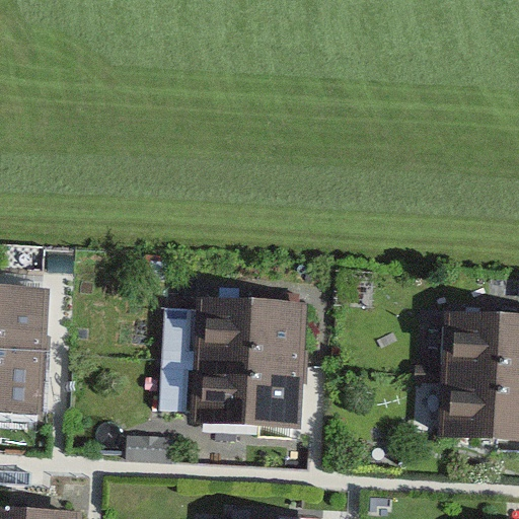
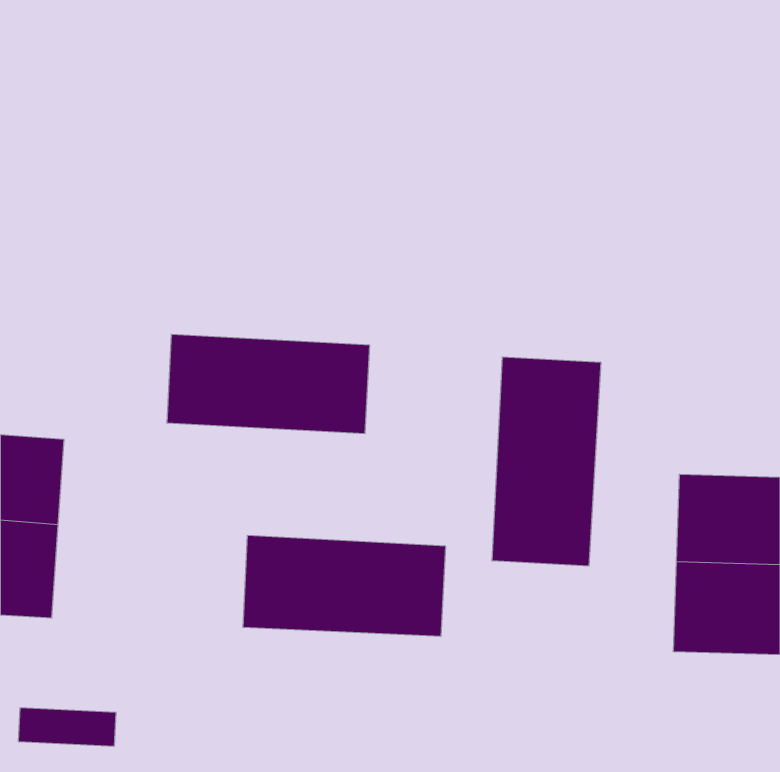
building: none -> [492,357,601,566]
building: [164,297,299,363] -> [167,334,370,434]

